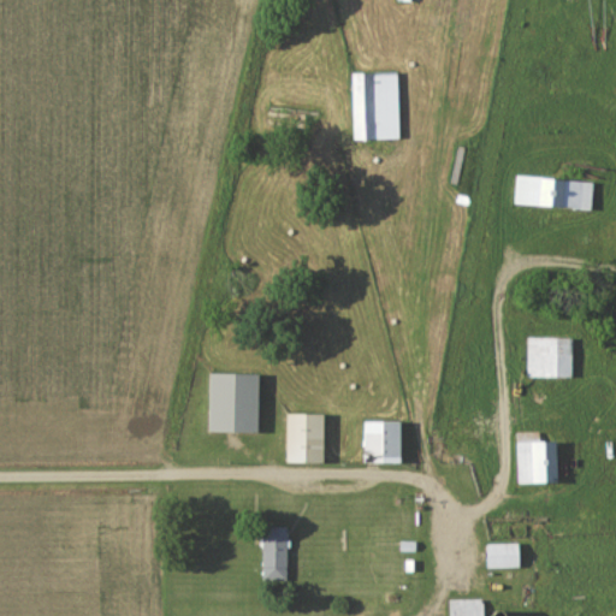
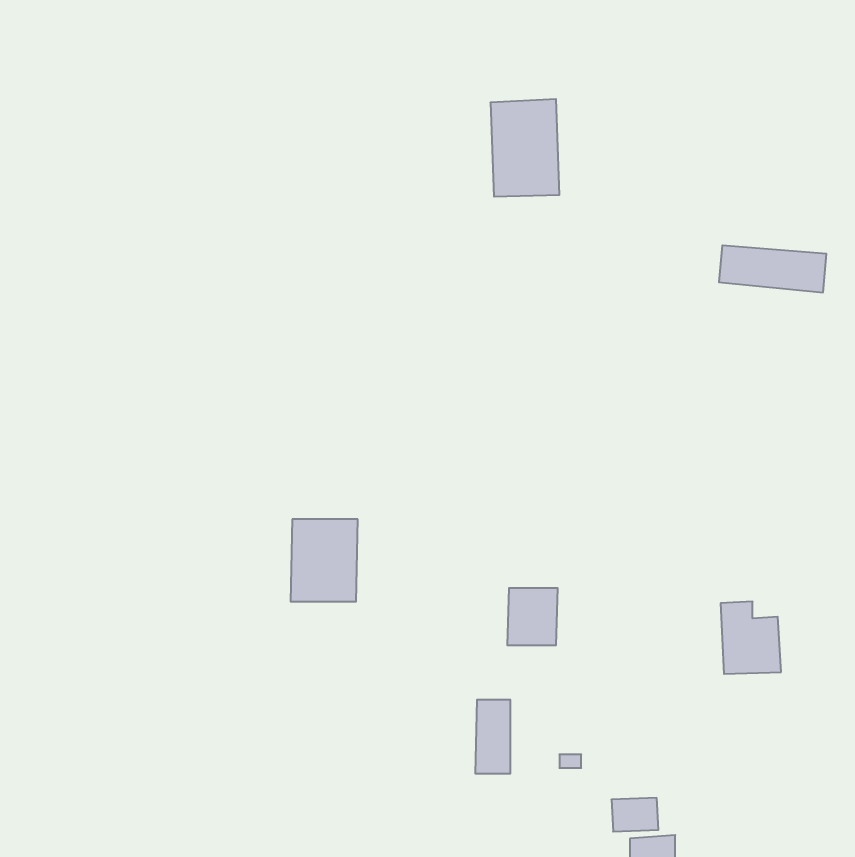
building: [528,339,573,378] -> none
building: [285,414,321,462] -> none
building: [262,528,288,581] -> [475,700,510,774]
building: [488,545,522,569] -> [611,798,658,832]

